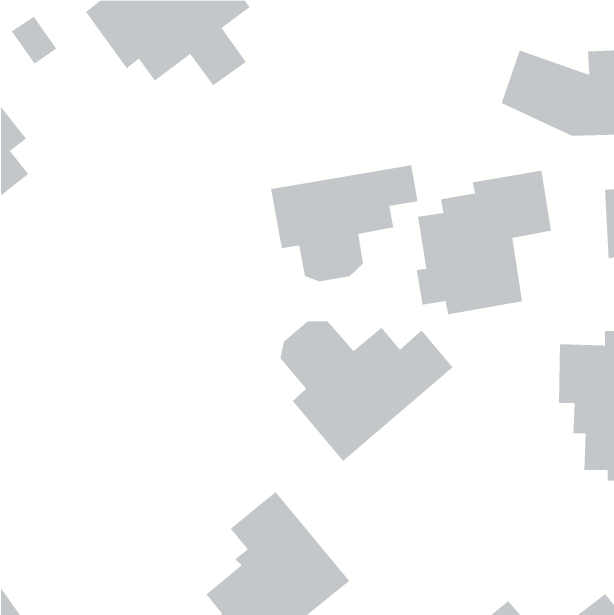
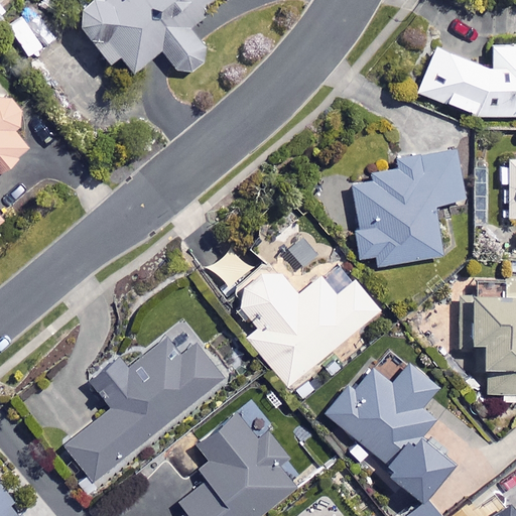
building: [271,165,418,282] -> none
building: none -> [66,339,225,483]
building: none -> [326,364,448,497]

